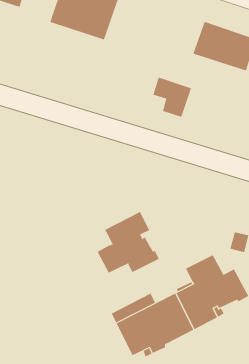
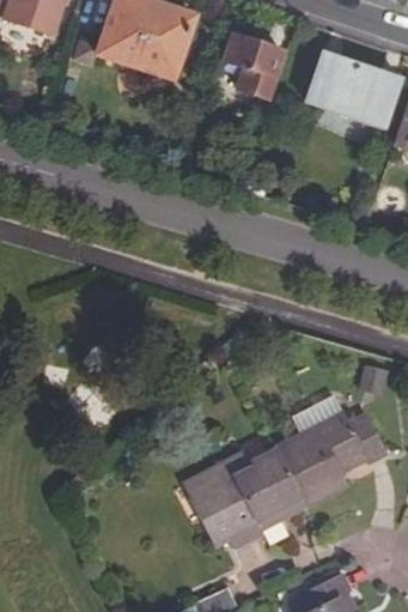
building: [152,77,192,118] -> [227,36,285,96]
building: [97,211,160,274] -> none

